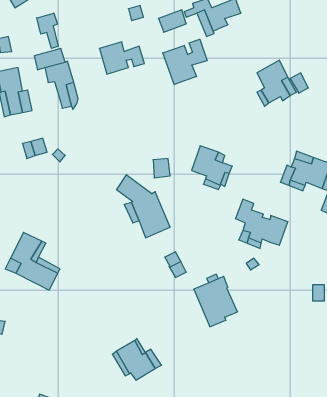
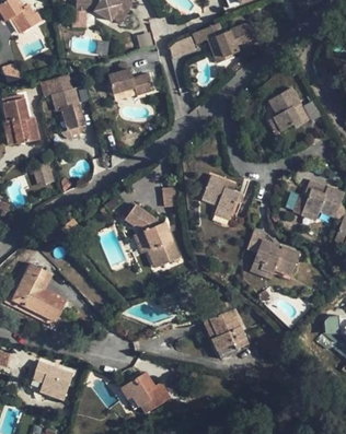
building: [37,13,59,48] -> none
building: [163,39,207,85] -> none
building: none -> [33,361,72,399]

